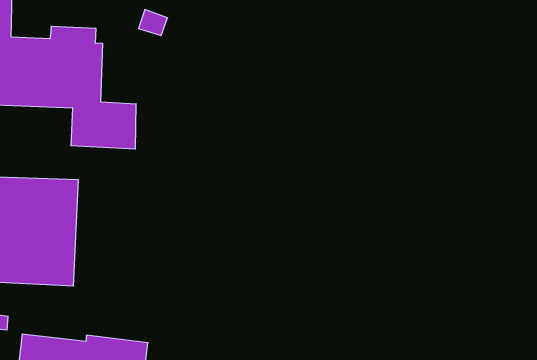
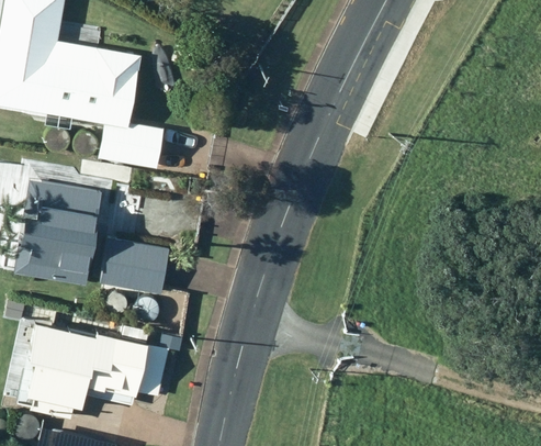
building: none -> [100,238,169,294]

